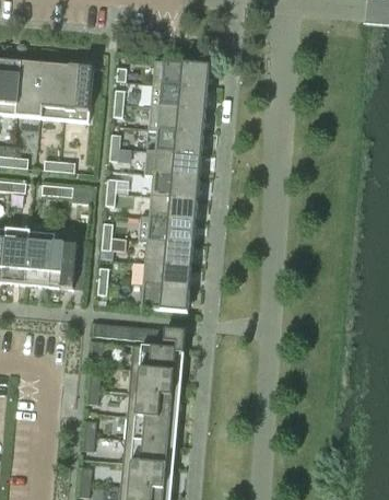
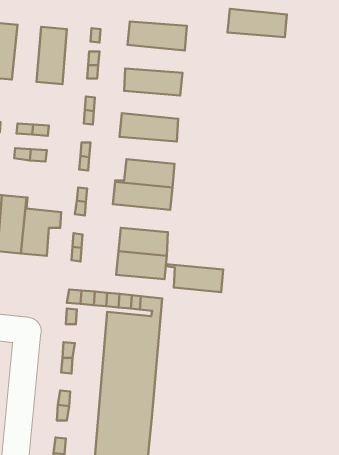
building: [38,63,67,119] -> none
building: [149,83,207,111] -> [227,9,287,37]
building: [145,128,202,155] -> none
building: [143,173,199,199] -> none
building: [137,239,192,266] -> [166,264,223,292]

